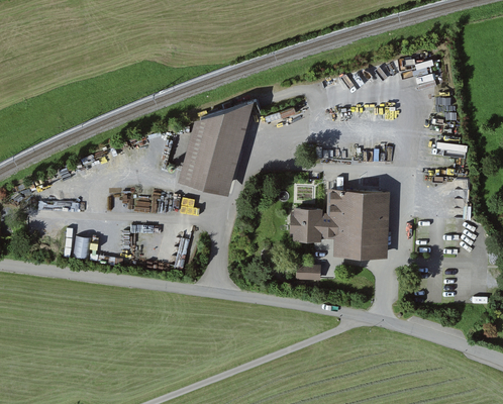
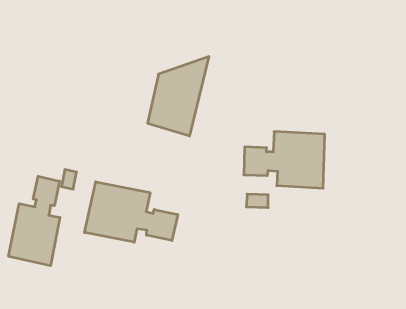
building: none -> [9,176,60,266]
building: none -> [84,182,178,242]

